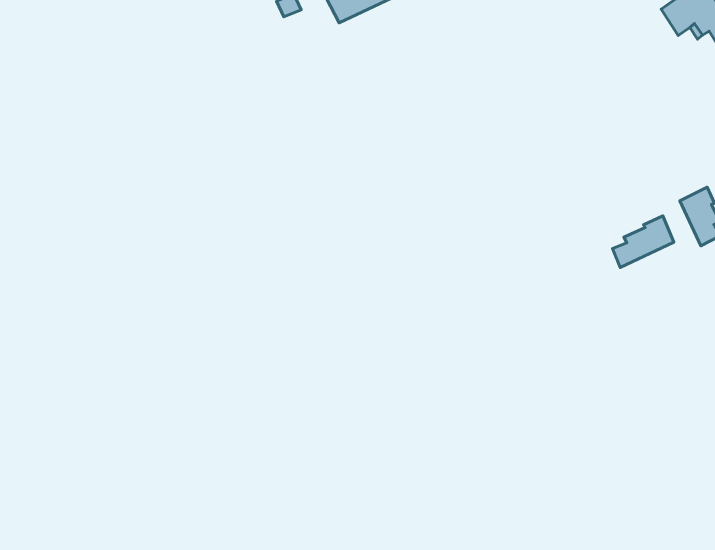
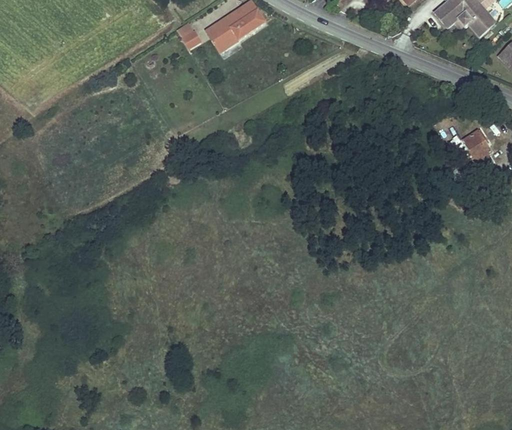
building: [612,216,674,267] -> none

